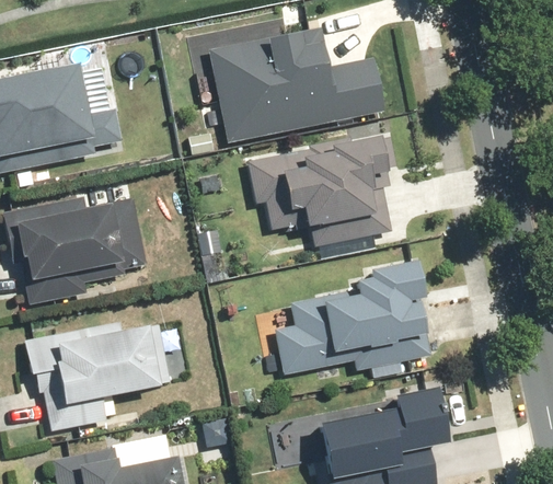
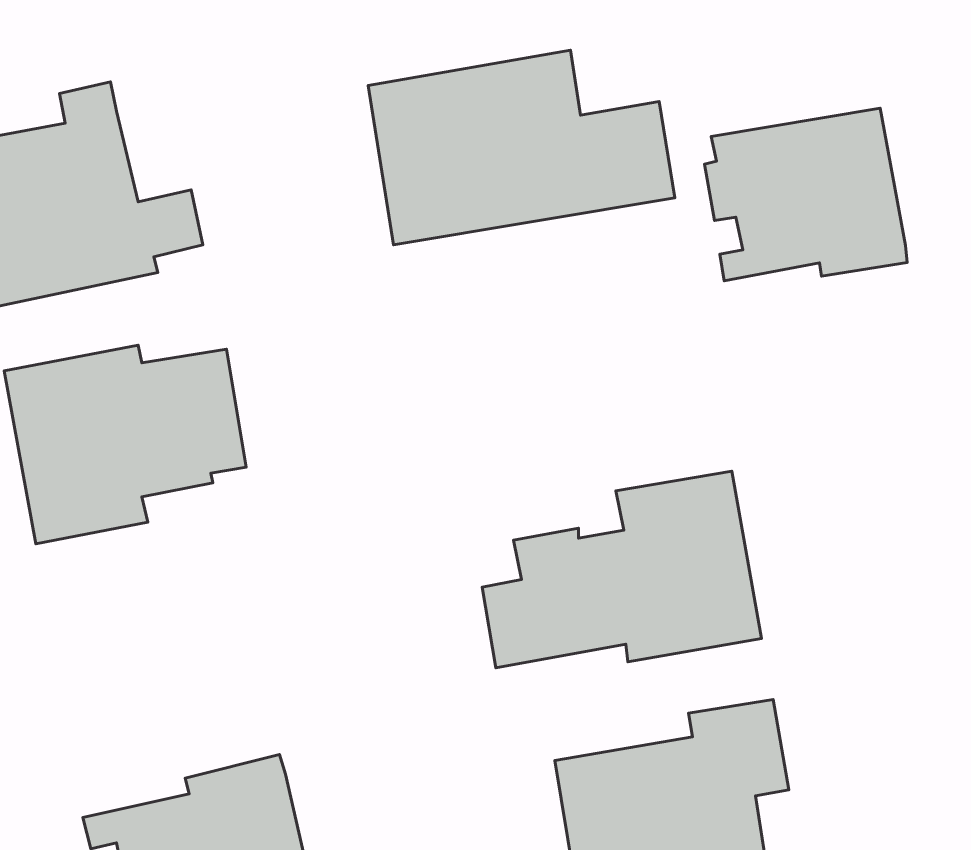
building: none -> [705,108,907,281]
building: [250,130,398,244] -> none
building: [25,322,191,434] -> none

